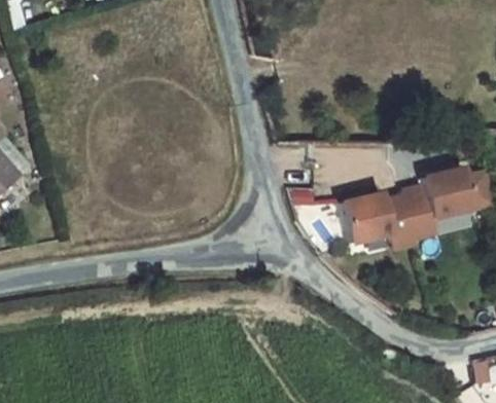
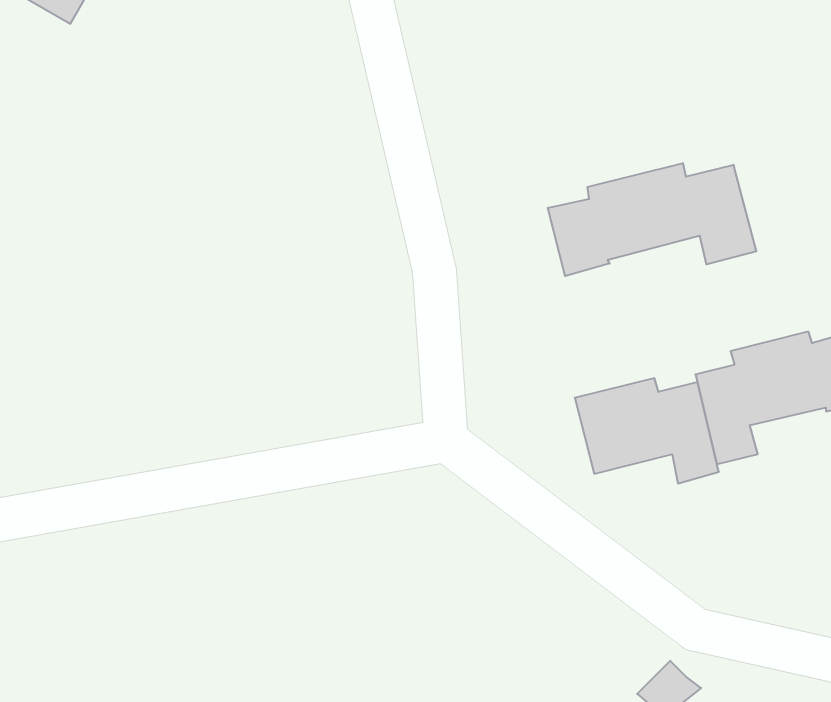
building: none -> [548,163,756,276]

